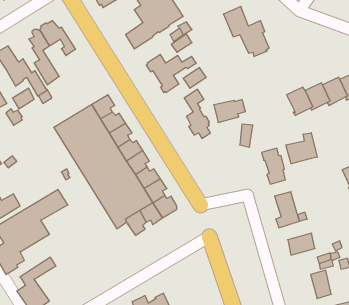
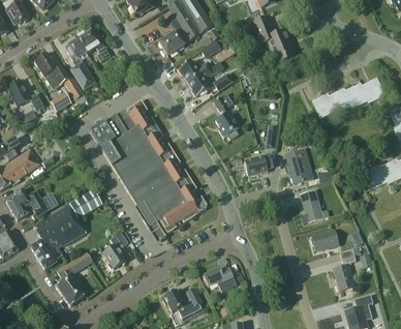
building: [214,100,245,122] -> [243,154,273,176]
building: [286,133,317,164] -> none
building: none -> [101,232,127,268]
building: none -> [203,267,236,291]

